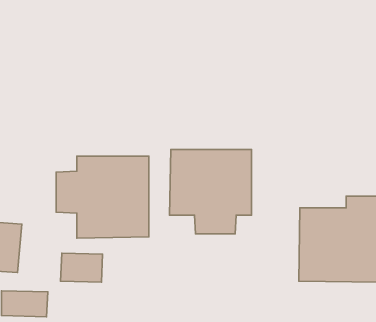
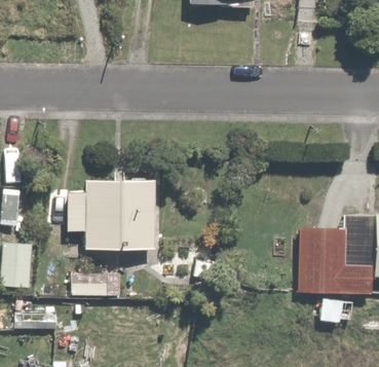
building: [170,149,251,234] -> none

